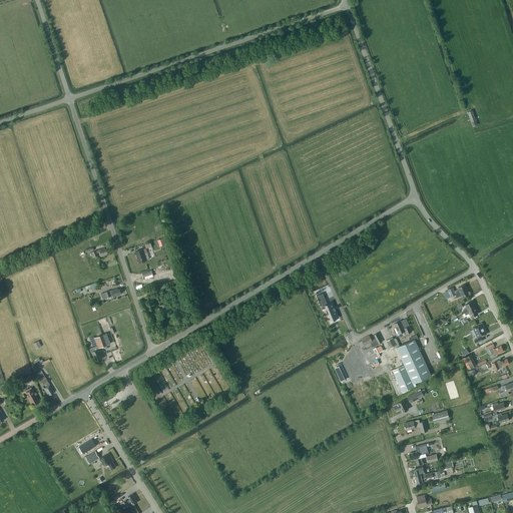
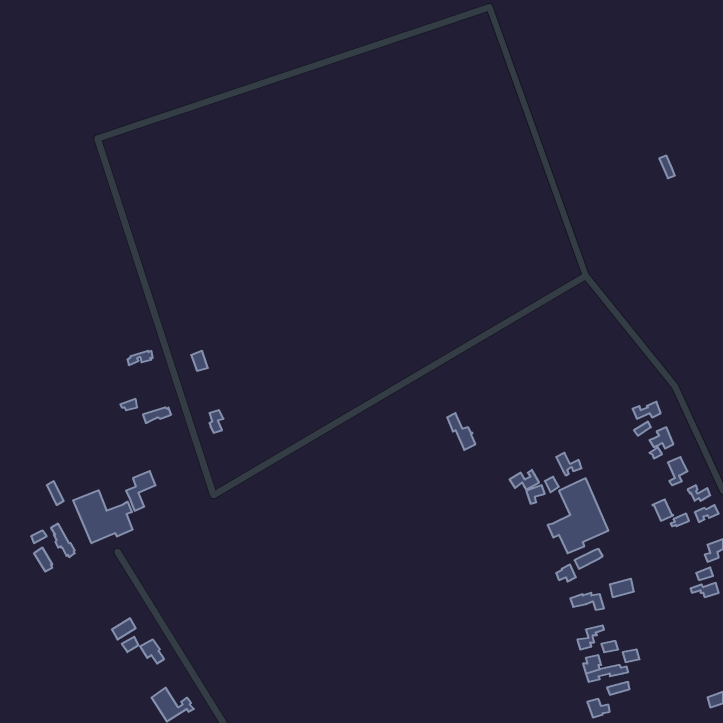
building: none -> [73,490,133,543]

